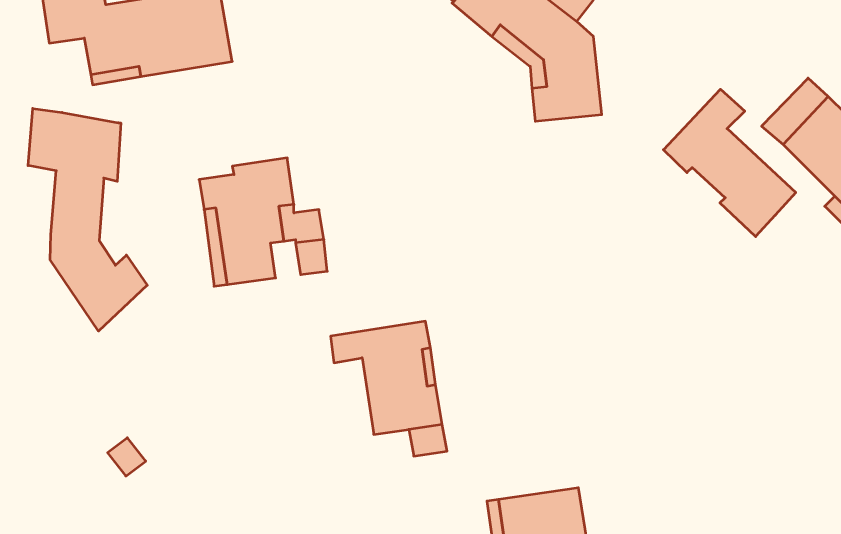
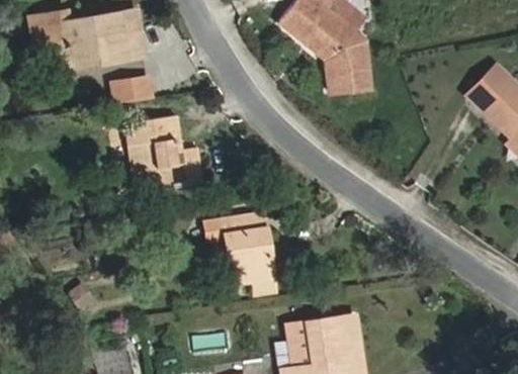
building: [663,89,796,237] -> none
building: none -> [111,77,152,103]
building: [28,108,147,331] -> none

